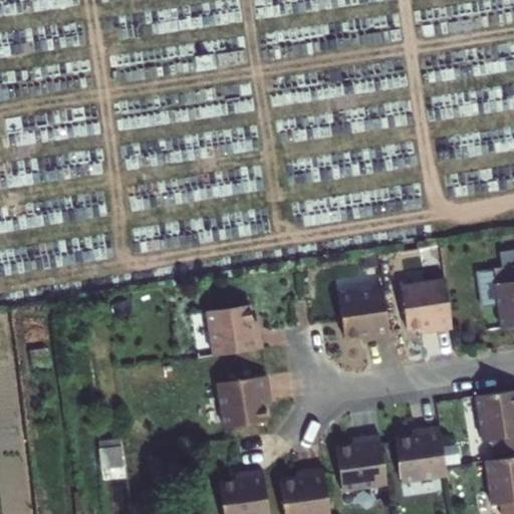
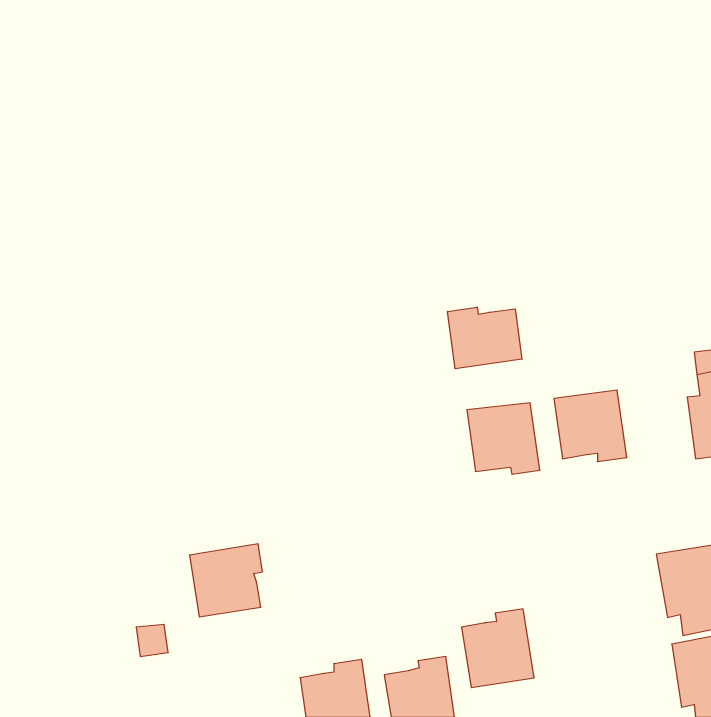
building: none -> [448,307,522,369]
building: [207,304,263,356] -> none
building: [219,375,271,428] -> [189,544,262,617]
building: [395,428,446,484] -> none

